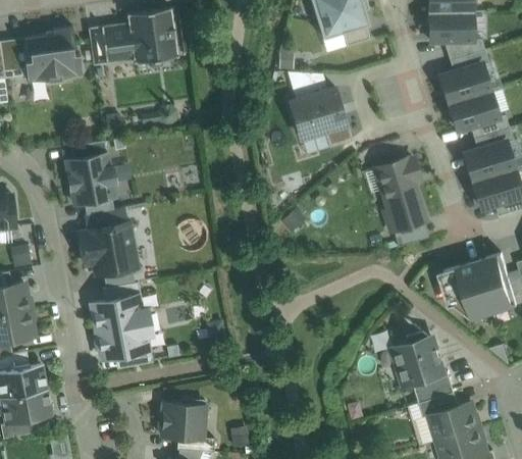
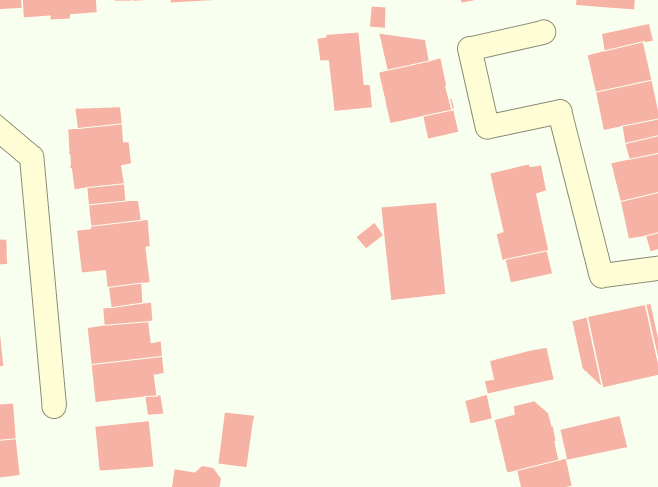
building: [445,40,485,61] -> none
building: none -> [317,32,373,112]
building: none -> [381,202,446,301]
building: none -> [484,347,554,394]
building: none -> [560,415,628,460]
building: none -> [218,412,255,468]
building: none -> [95,421,154,471]

